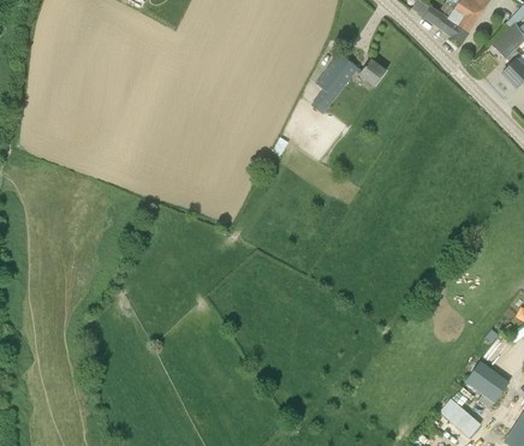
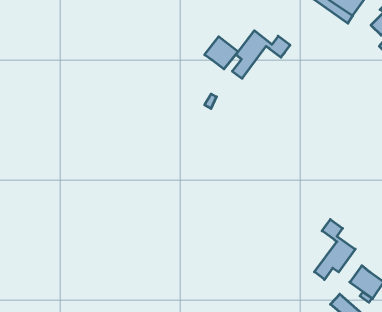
building: none -> [205,37,238,69]
building: none -> [314,219,355,280]

